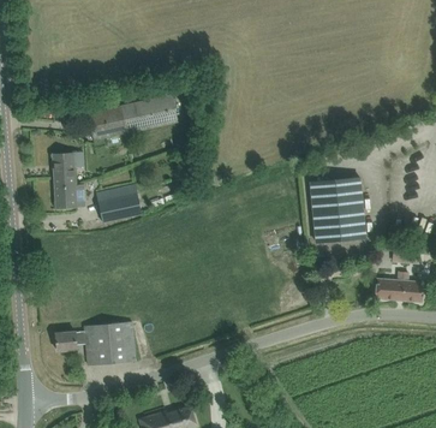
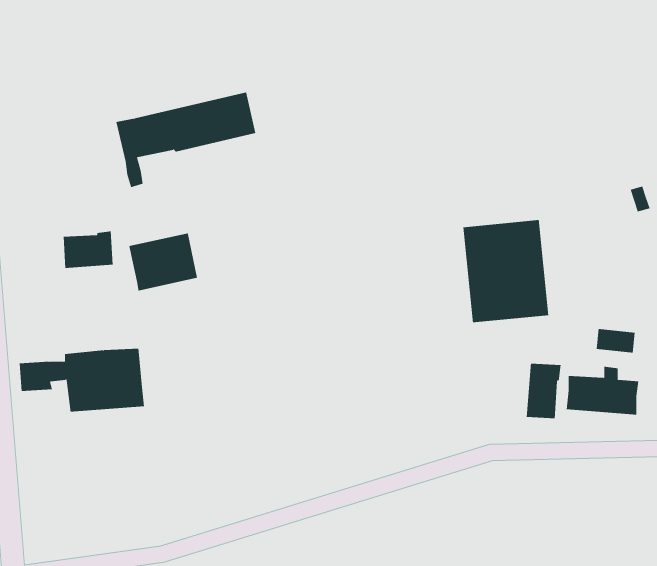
building: [53,151,83,186] -> none
building: none -> [526,363,561,419]
building: [55,322,136,363] -> [19,348,145,412]

